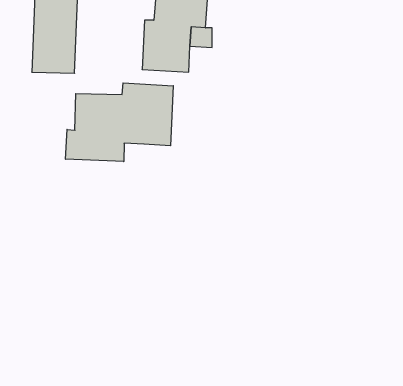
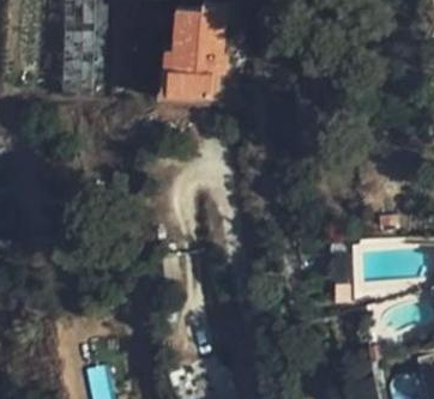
building: [66,83,173,162] -> none

